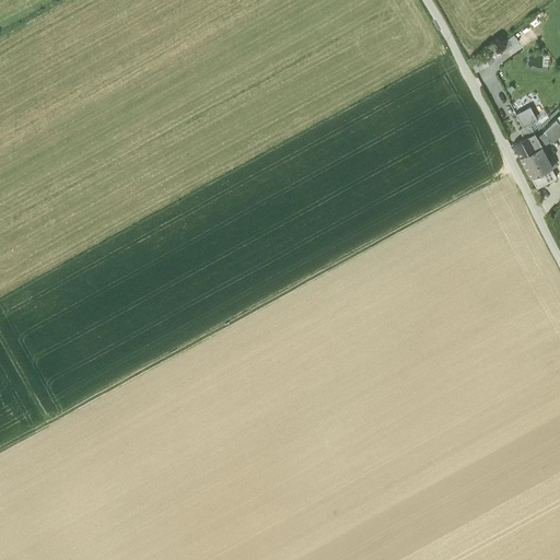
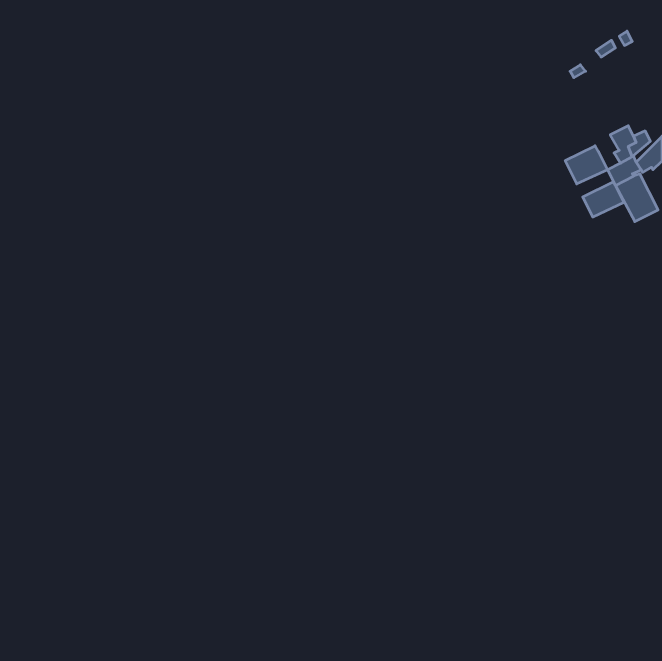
building: none -> [565,146,608,184]
building: none -> [583,182,624,217]

